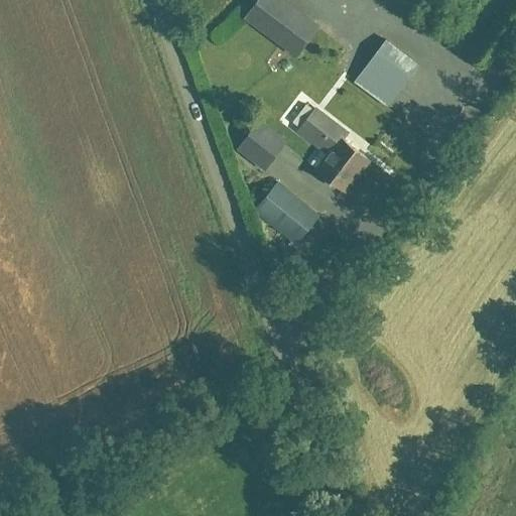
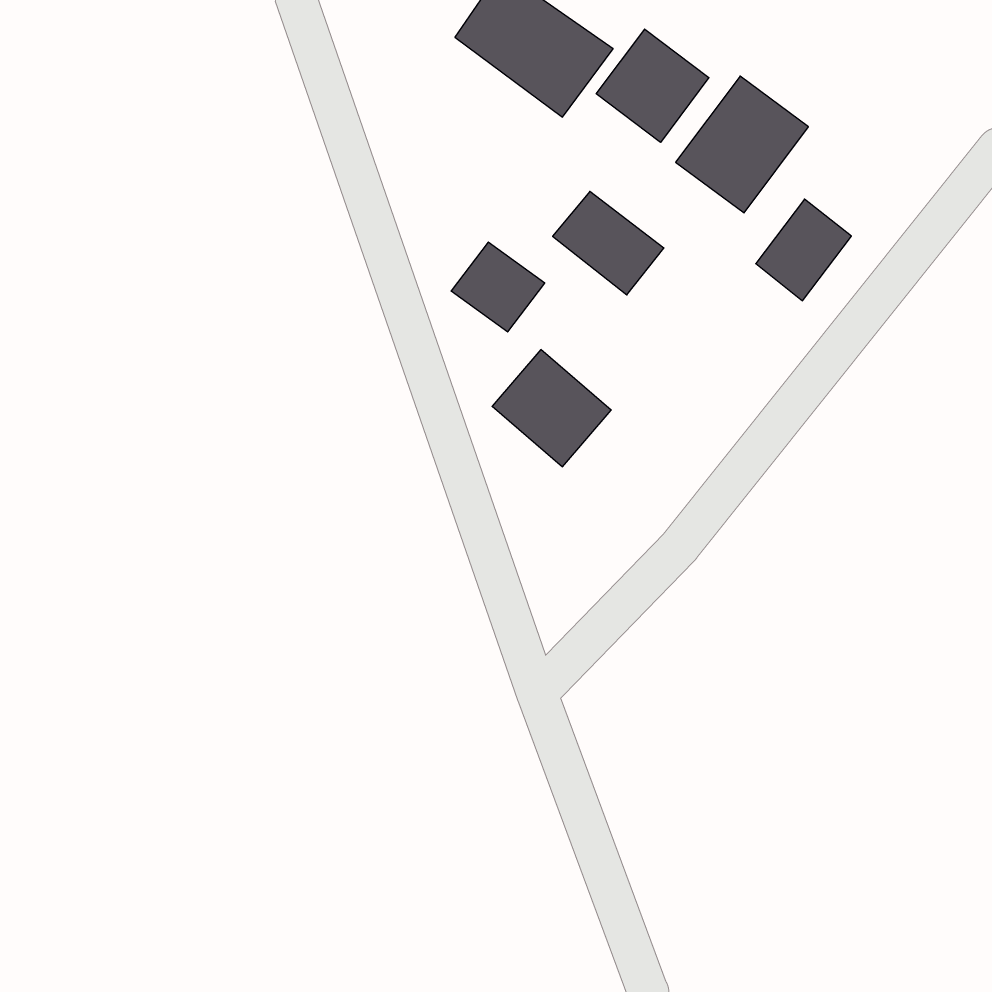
building: none -> [596,29,709,142]
building: [318,139,368,191] -> [756,199,851,301]

